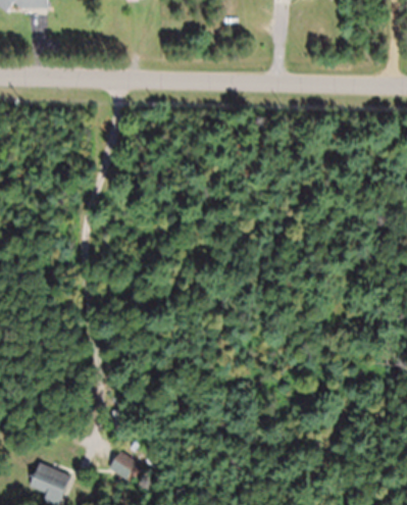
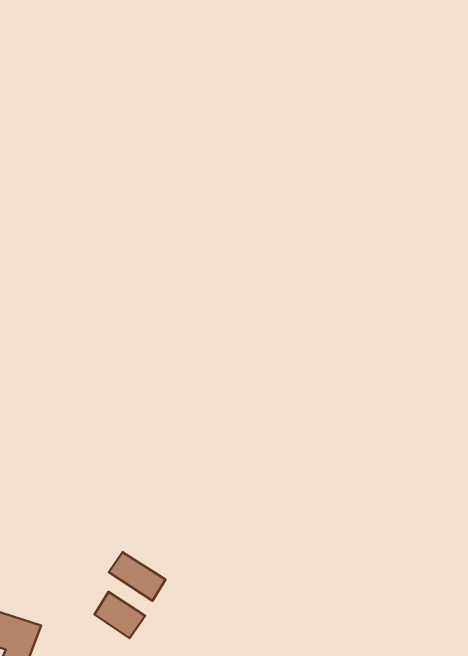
building: none -> [109,552,166,601]

